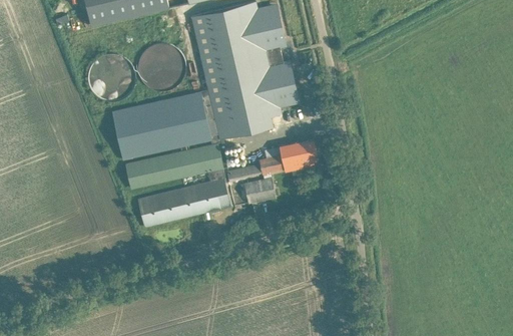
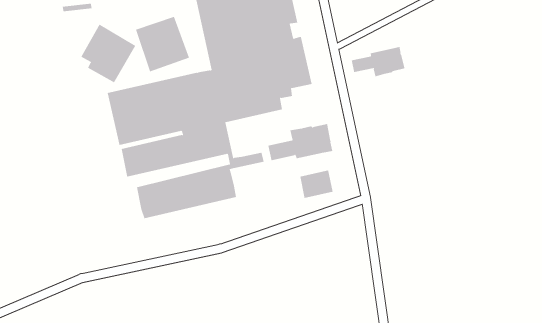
building: none -> [351,46,405,77]
building: [243,179,275,205] -> [299,170,333,198]

